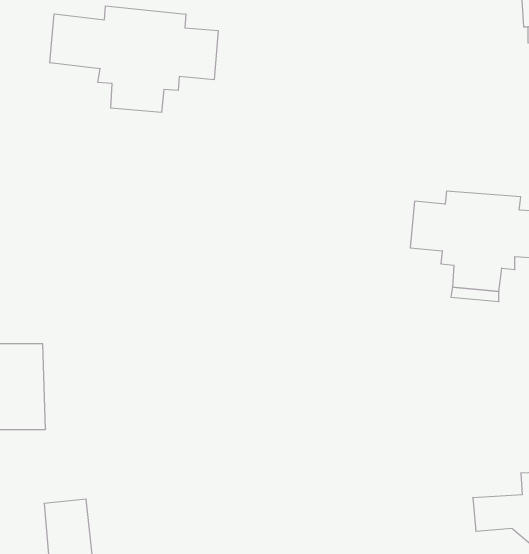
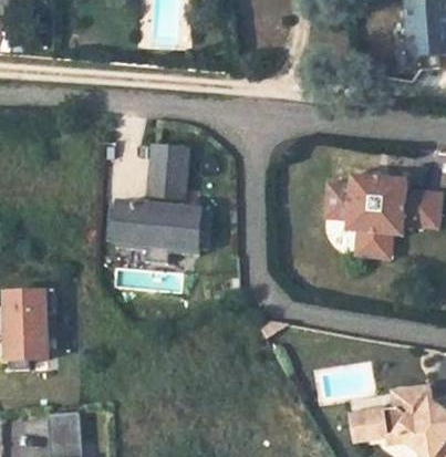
building: [50,6,218,112] -> none
building: none -> [116,143,201,260]

